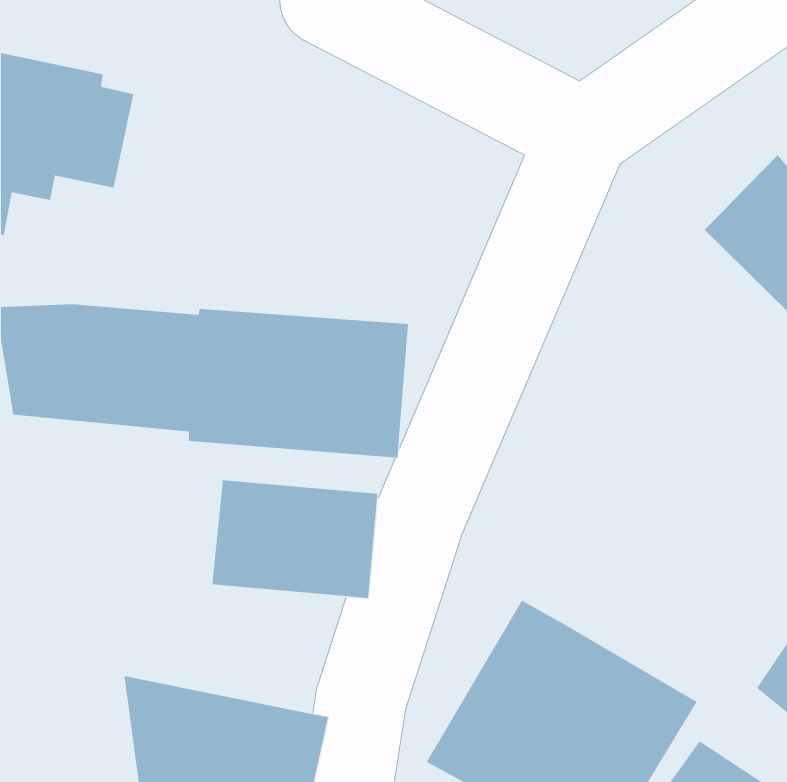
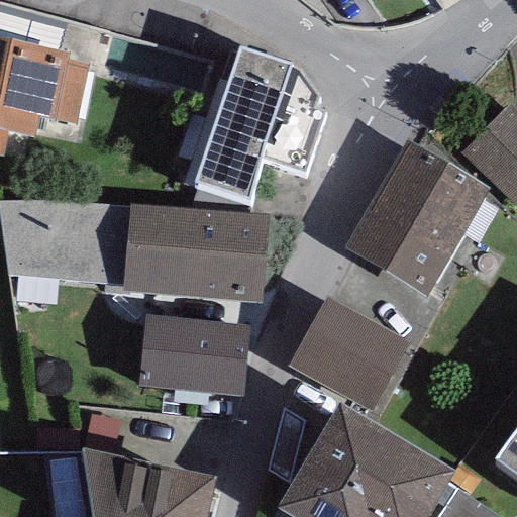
building: none -> [195,44,327,197]
building: none -> [345,139,489,297]
building: none -> [288,295,410,412]

